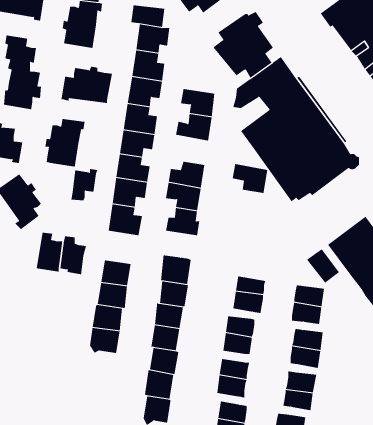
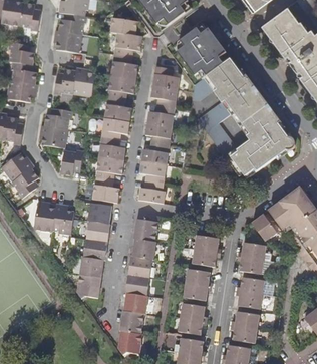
building: none -> [151,65,180,89]
building: [232,163,268,193] -> [143,122,173,146]
building: none -> [87,205,111,226]

